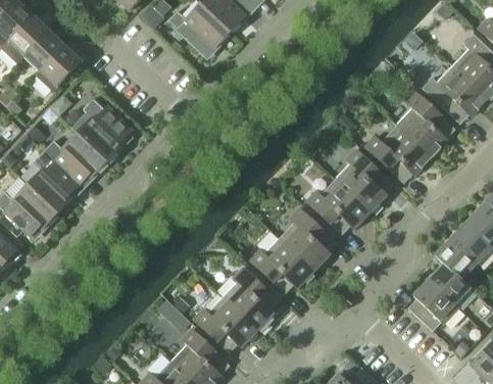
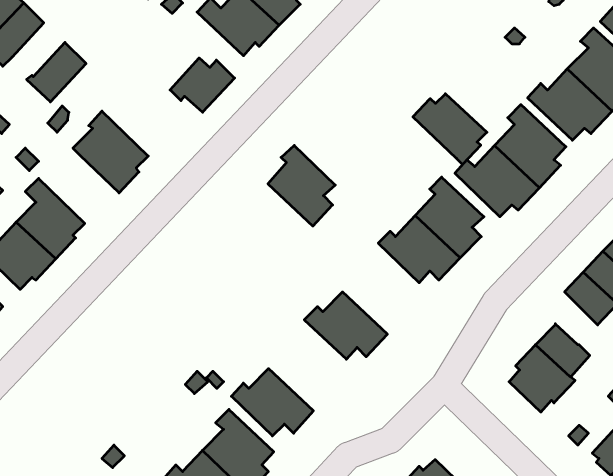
building: [24,30,65,71] -> none
building: none -> [170,58,235,112]
building: none -> [413,94,487,165]
building: [45,132,107,185] -> none
building: [280,208,332,271] -> [268,145,335,226]
building: [435,238,477,279] -> none
building: [223,268,276,330] -> none

